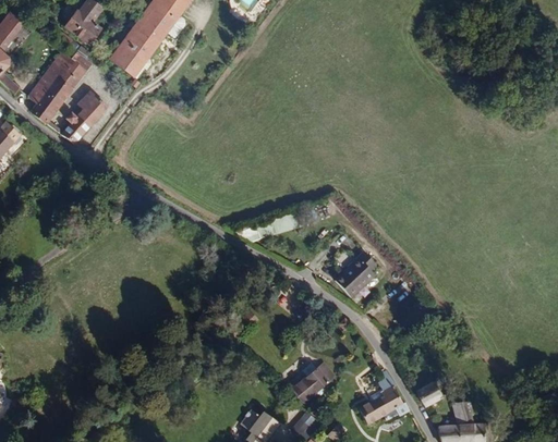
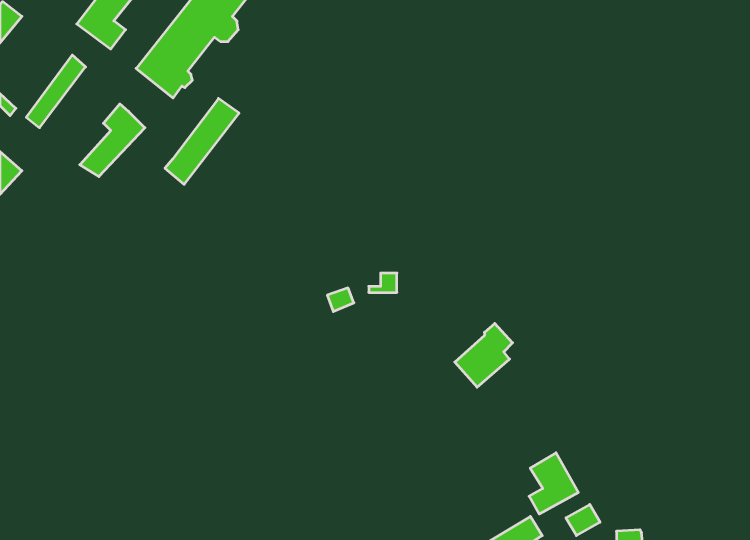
building: [27,60,82,123] -> [165,98,239,184]
building: none -> [529,453,578,514]
building: [293,361,331,402] -> none

